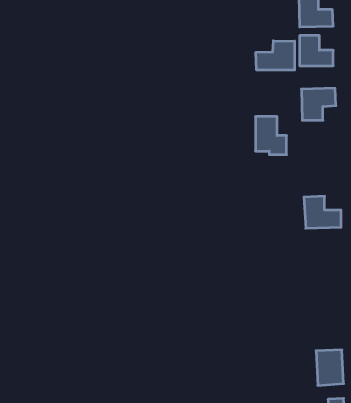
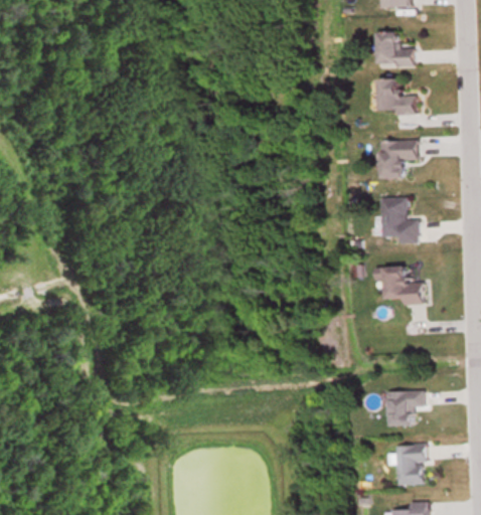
building: [256,41,295,70] -> none
building: [255,117,287,155] -> [381,197,418,241]
building: none -> [386,391,424,425]

